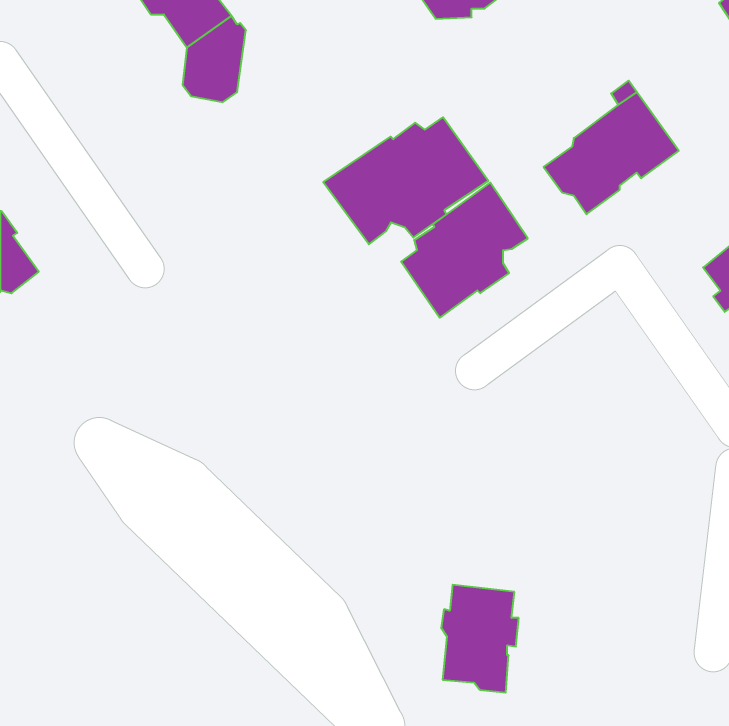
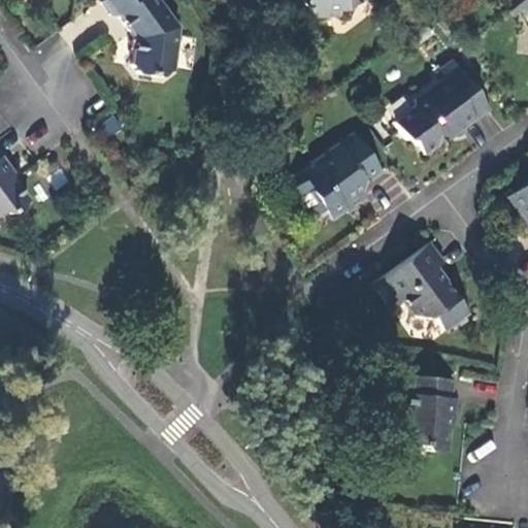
building: [323,117,488,244] -> none
building: none -> [375,241,470,328]
building: [441,585,519,693] -> [404,369,460,447]

